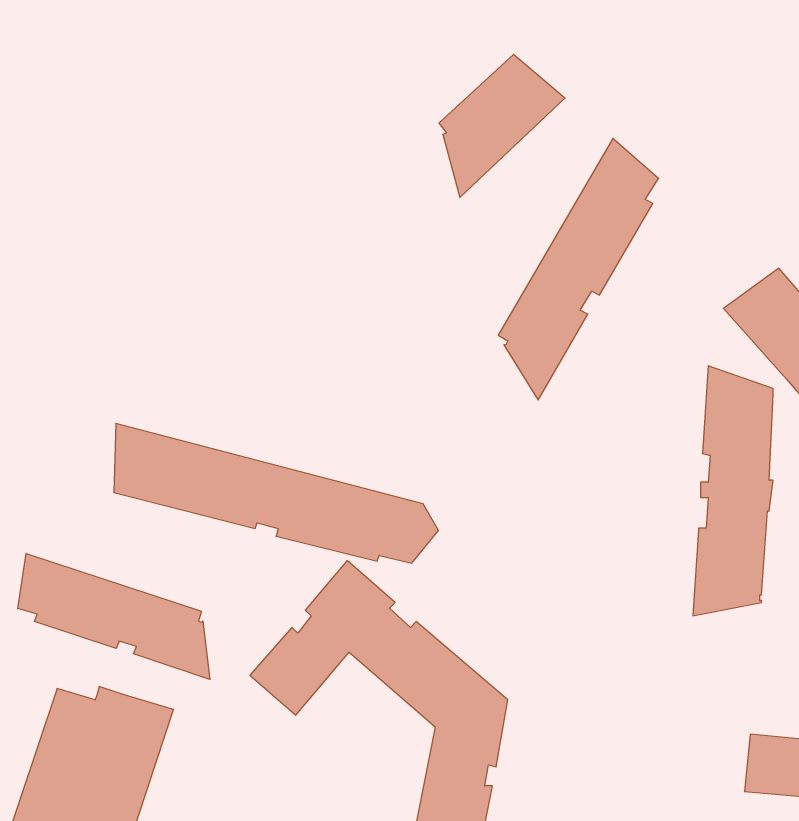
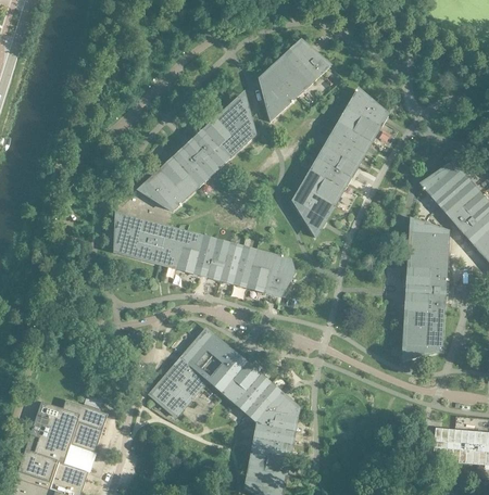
building: none -> [137,97,255,211]
building: [114,424,438,563] -> [113,212,298,291]
building: [18,553,210,679] -> none

